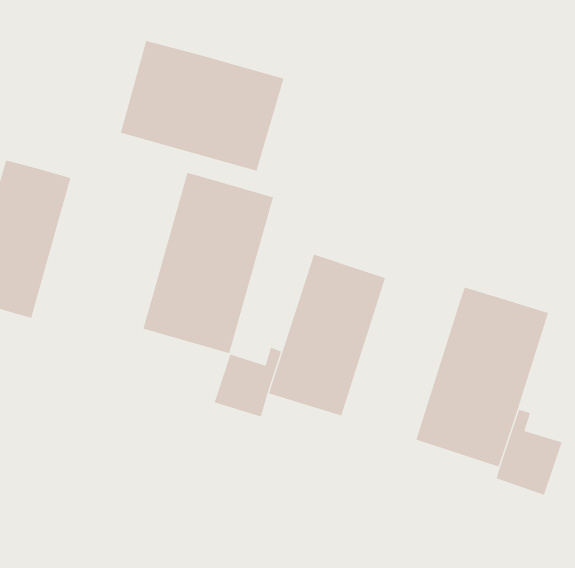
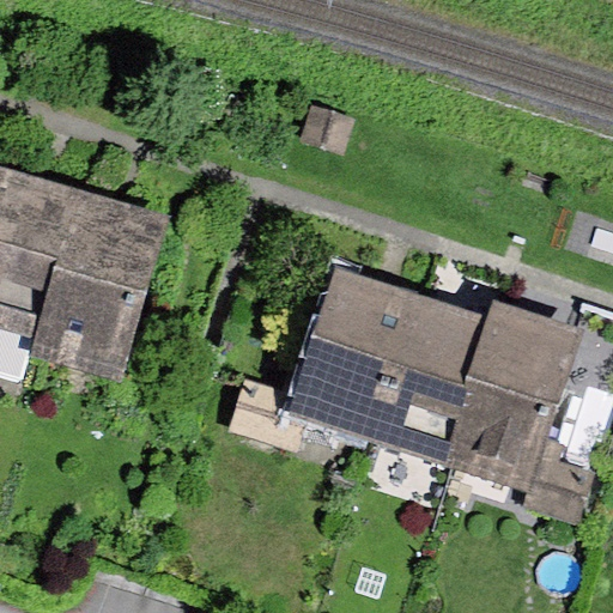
building: [120,40,284,172] -> none
building: [143,172,274,354] -> [29,188,168,380]
building: none -> [362,293,486,465]

